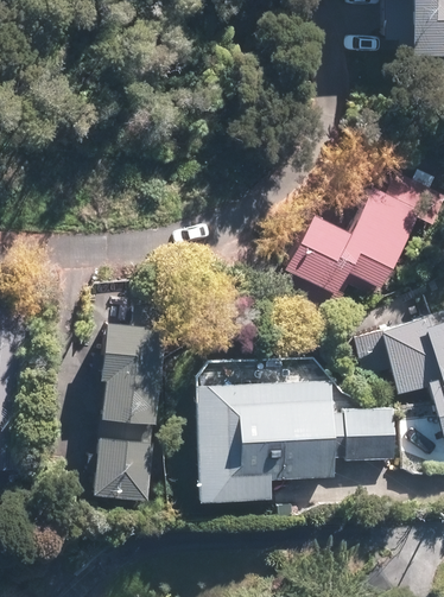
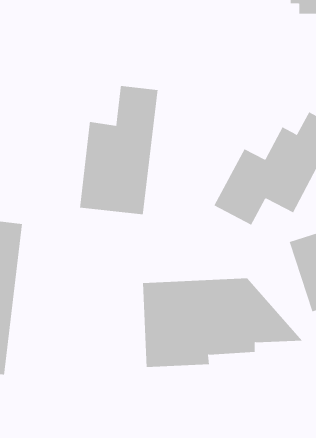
building: none -> [79,85,158,215]
building: [88,307,167,501] -> none

